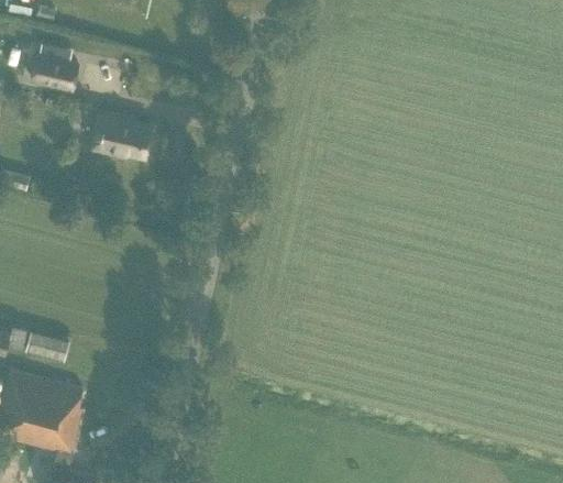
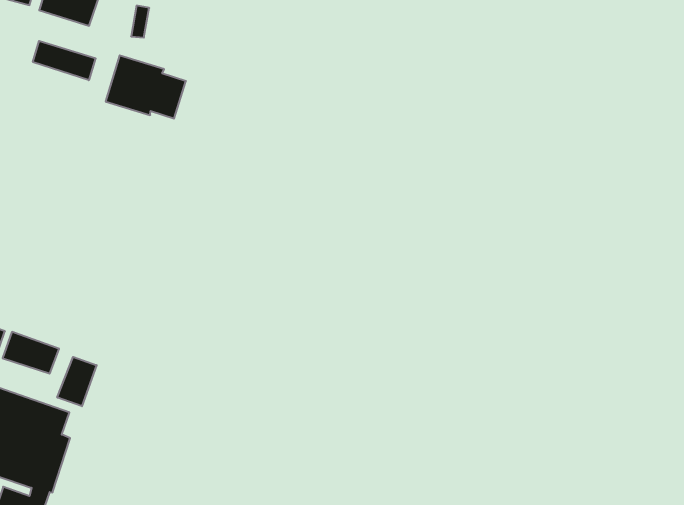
building: none -> [33,41,96,80]
building: none -> [57,357,97,406]

